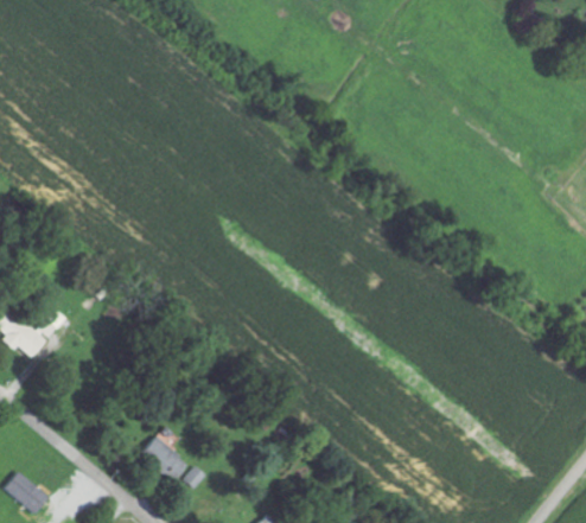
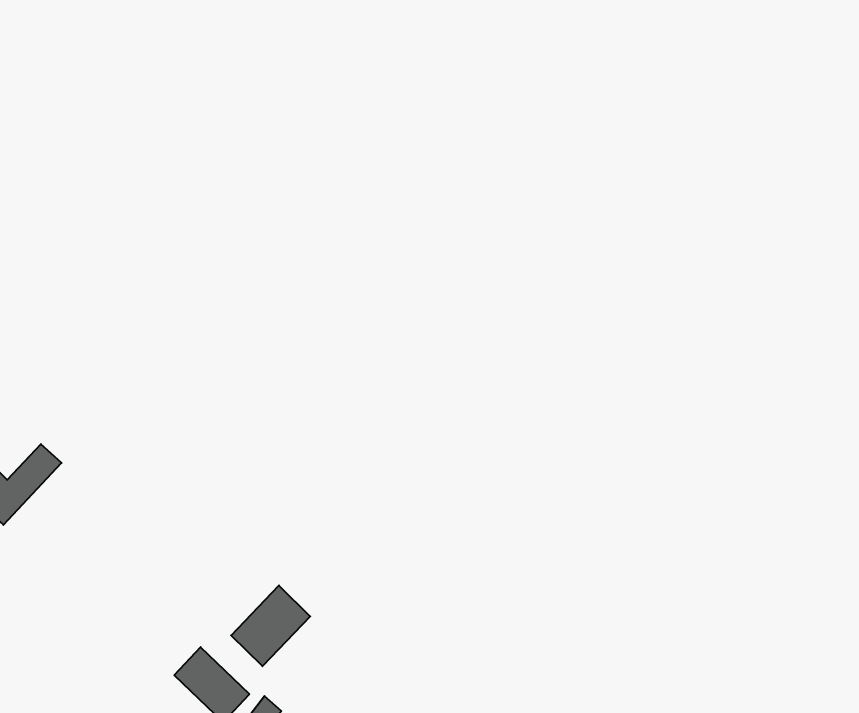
building: none -> [231,585,310,666]

